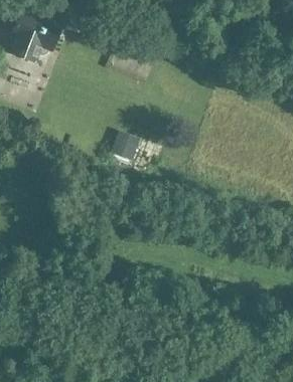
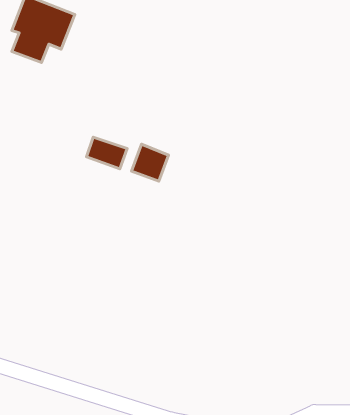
building: none -> [87,137,127,169]

